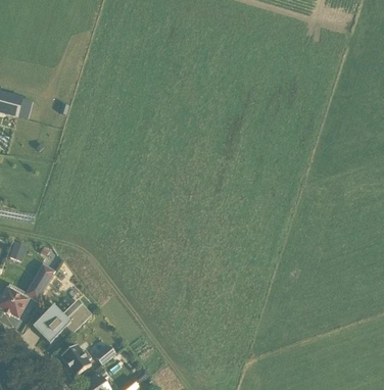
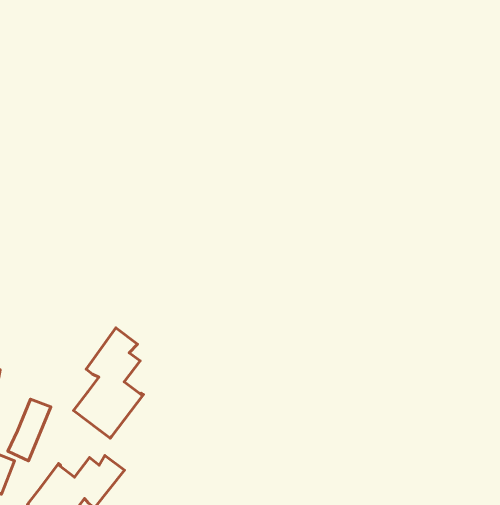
building: none -> [74,328,143,438]

